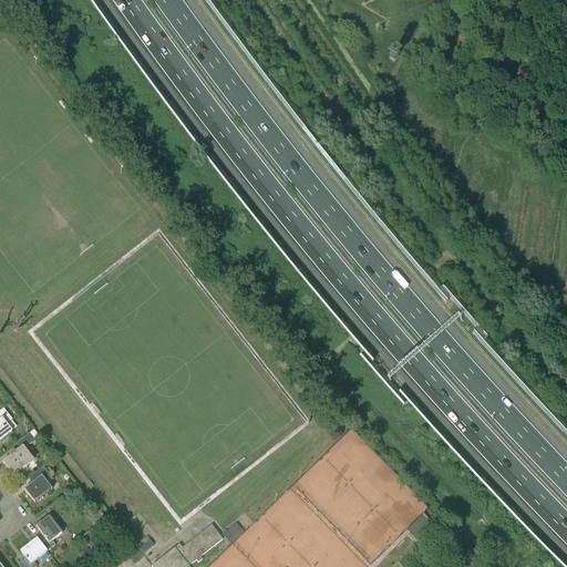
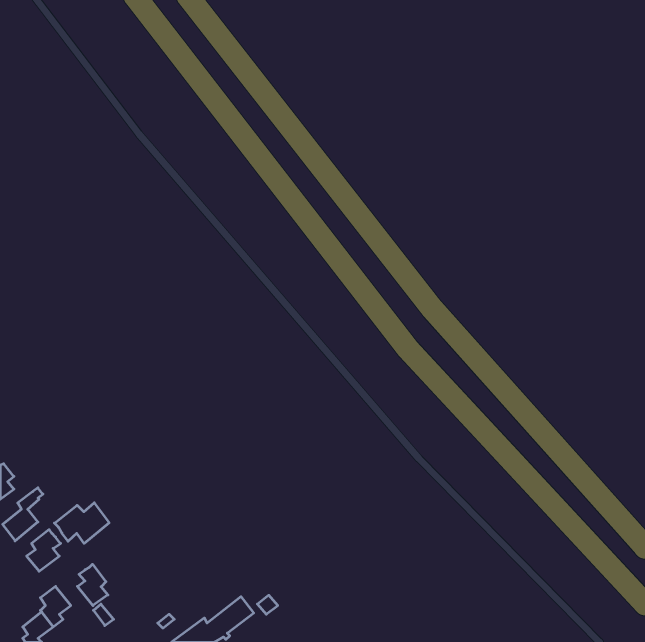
building: none -> [54,503,109,543]
building: none -> [77,564,108,606]

